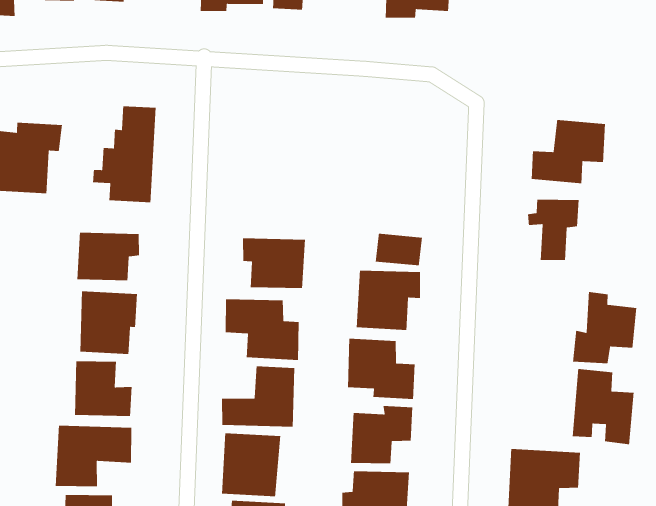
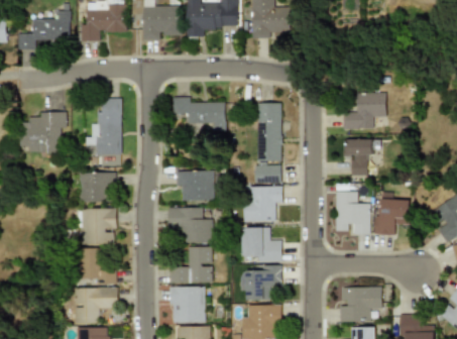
building: none -> [175,96,226,131]
building: none -> [256,103,281,162]
building: [572,368,635,445] -> [335,191,370,234]

